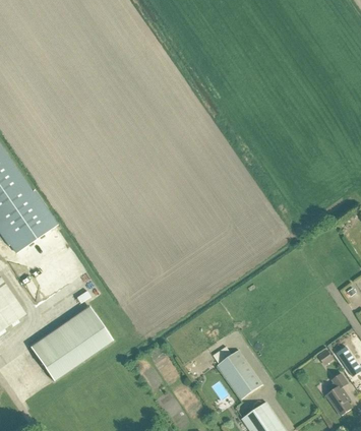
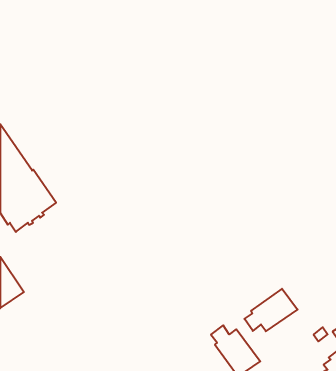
building: [31,306,112,380] -> none
building: none -> [244,289,298,331]

